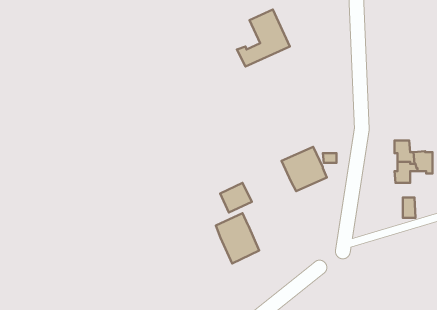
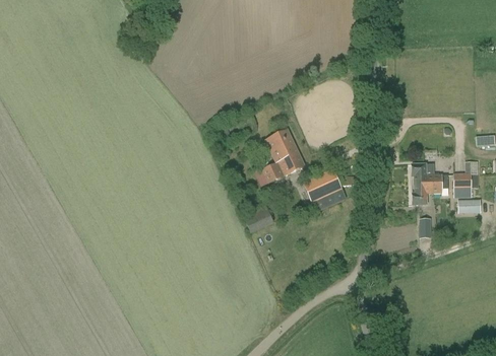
building: [237,9,290,67] -> [254,130,305,185]
building: [216,213,259,263] -> none

